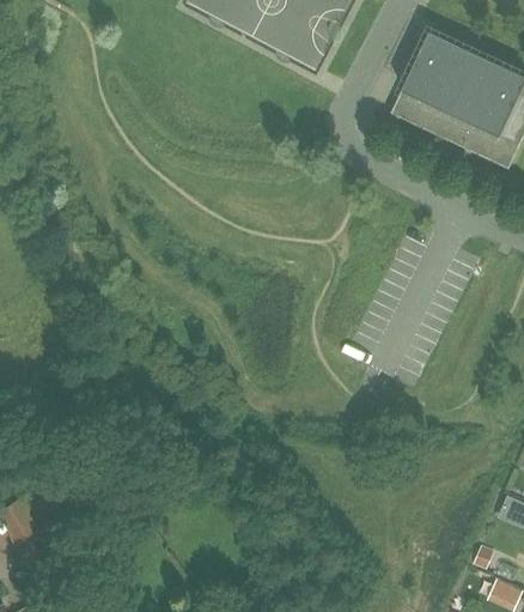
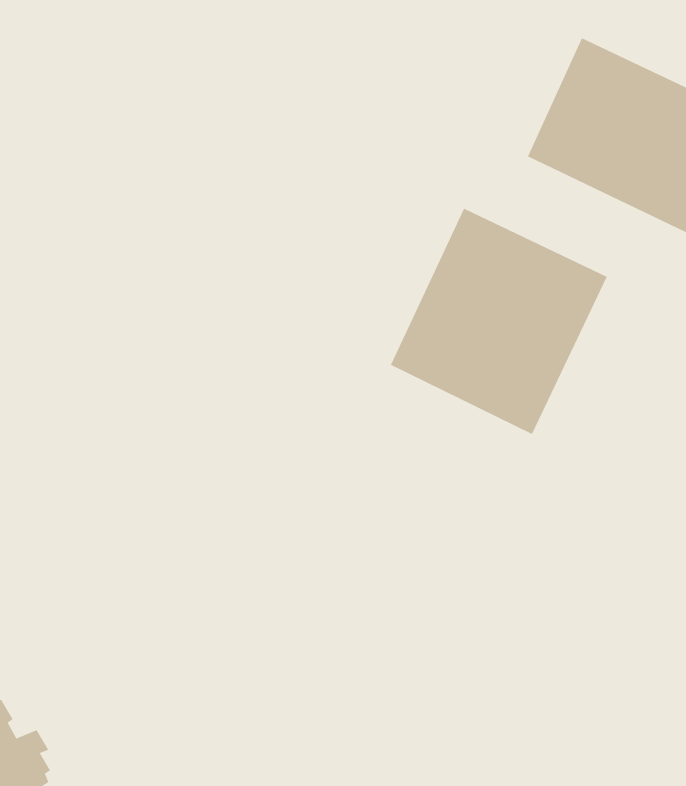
building: none -> [390,208,608,435]

